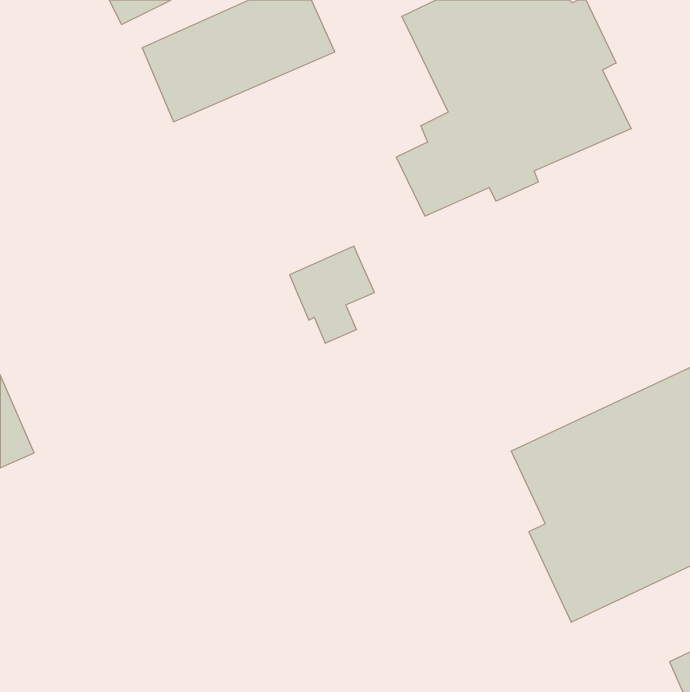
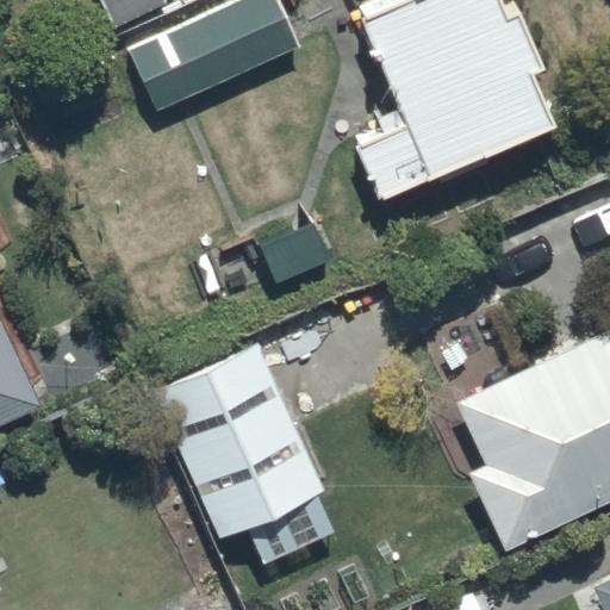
building: none -> [152,343,337,565]

